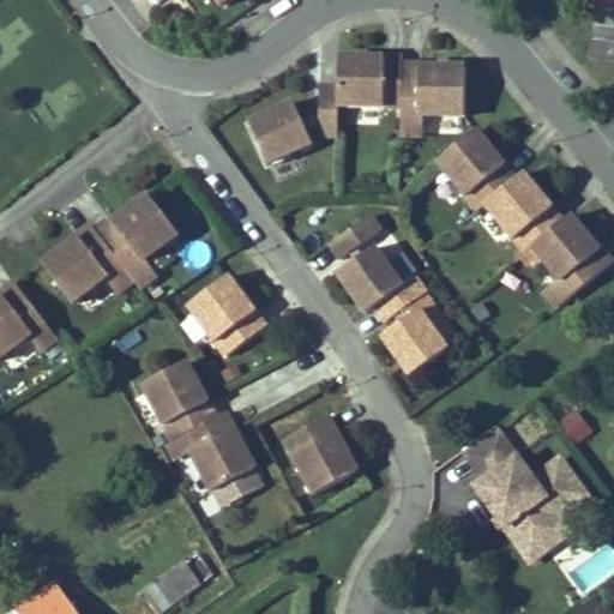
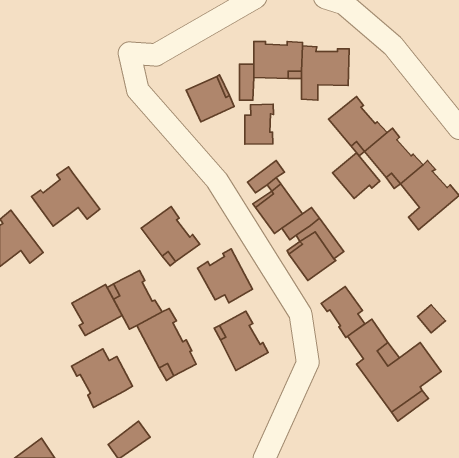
building: none -> [245,104,273,144]
building: [96,193,177,285] -> none
building: none -> [333,153,380,198]
building: none -> [198,249,252,303]
building: none -> [72,284,122,336]
building: none -> [321,286,365,337]
building: none -> [71,349,133,408]

